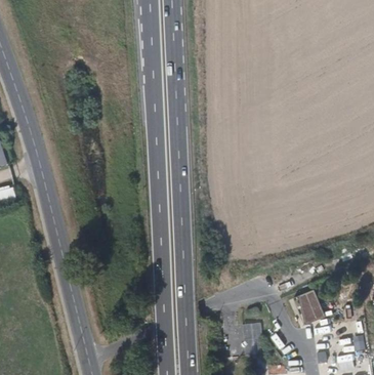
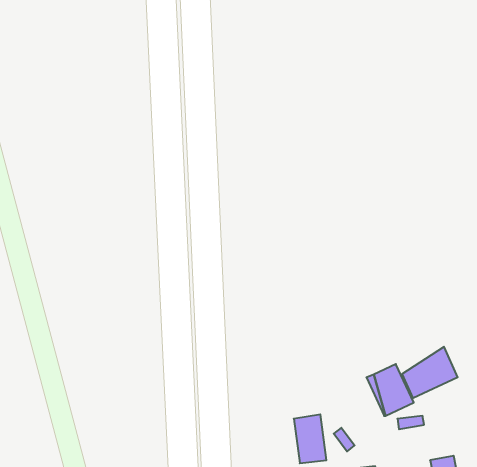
building: none -> [402,347,458,398]

